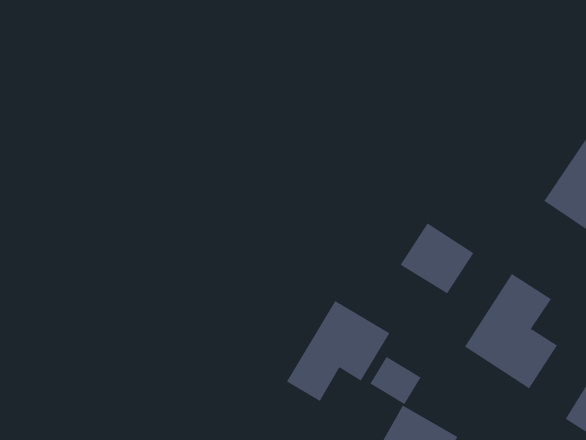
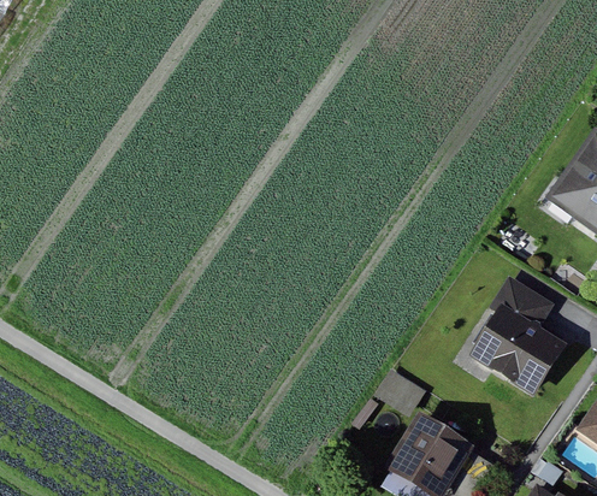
building: [400,223,474,294] -> none
building: [286,300,390,402] -> none

